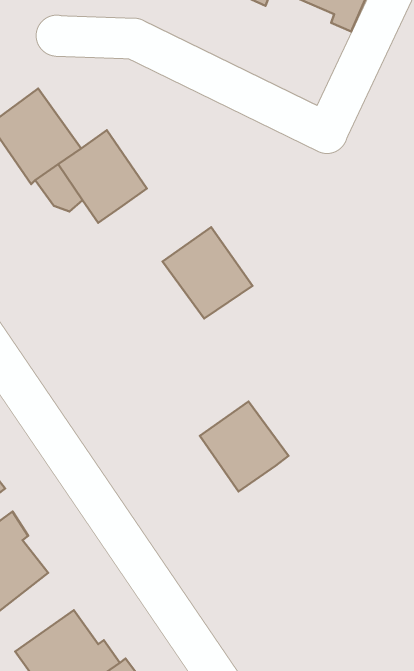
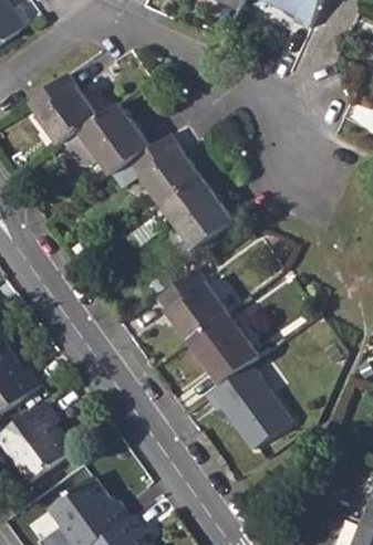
building: none -> [131,136,199,206]
building: none -> [158,269,228,340]
building: none -> [205,364,290,447]

